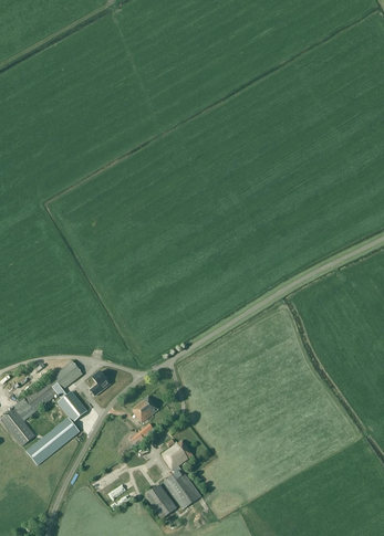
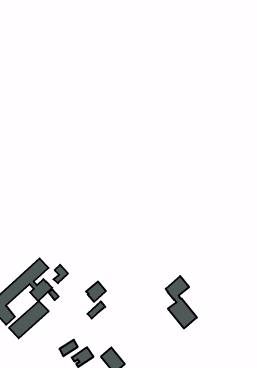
building: [162,440,200,509] -> [166,276,197,328]

